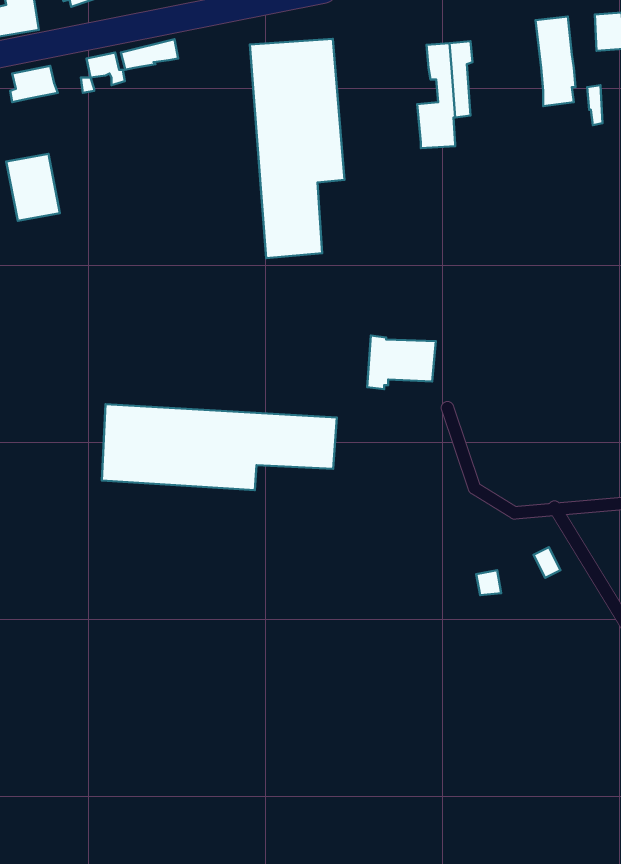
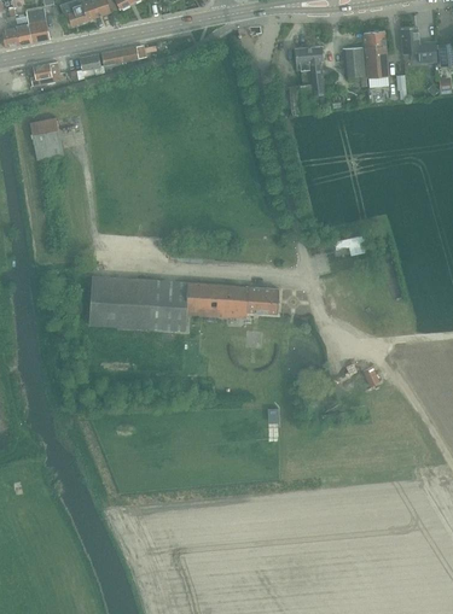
building: [250,39,344,258] -> none
building: none -> [341,46,364,82]
building: [367,336,436,389] -> [234,283,278,317]

